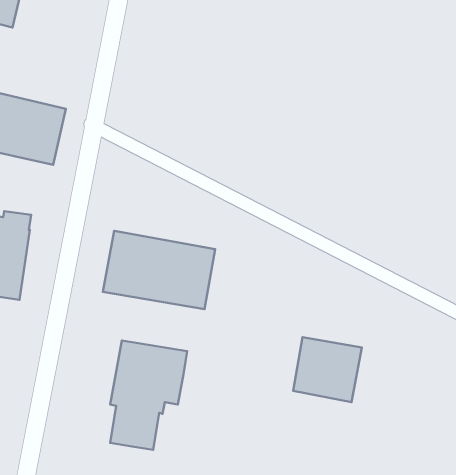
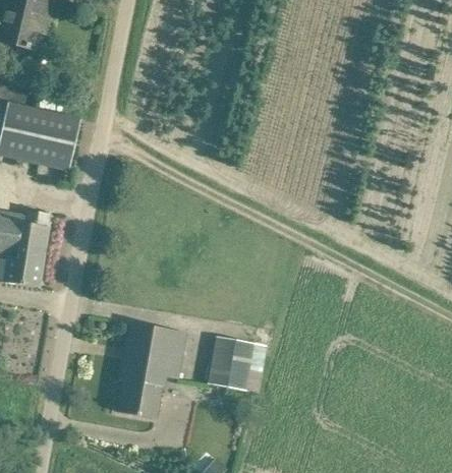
building: [103,231,215,309] -> none
building: [293,337,362,402] -> [207,337,267,394]

